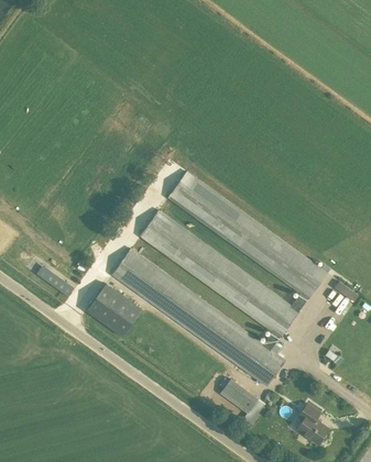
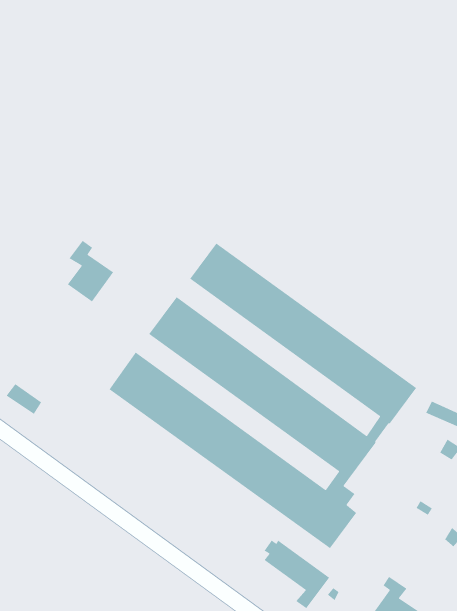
building: none -> [67,240,114,302]
building: [87,285,142,338] -> none

